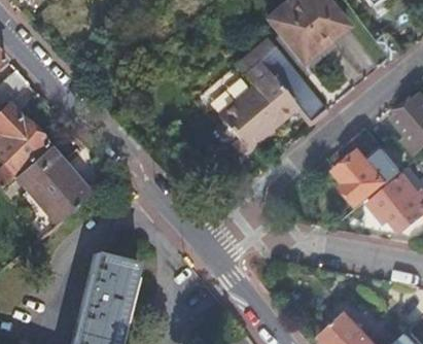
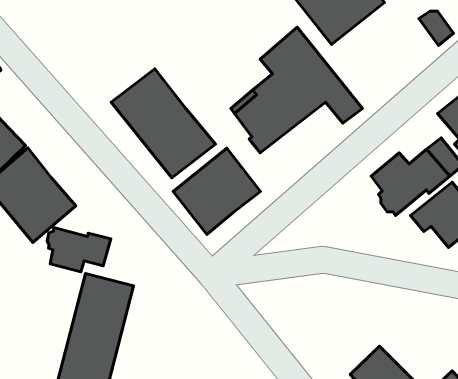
building: none -> [111,69,215,178]
building: none -> [173,148,261,235]
building: none -> [47,228,111,272]

